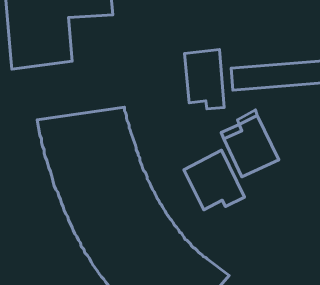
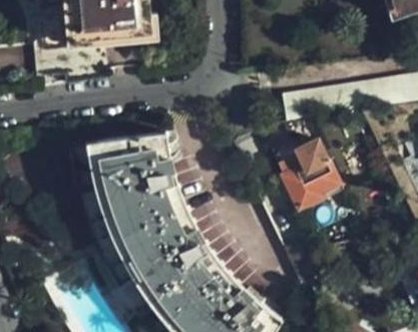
building: [185,50,224,109] -> none
building: [184,150,245,210] -> none

